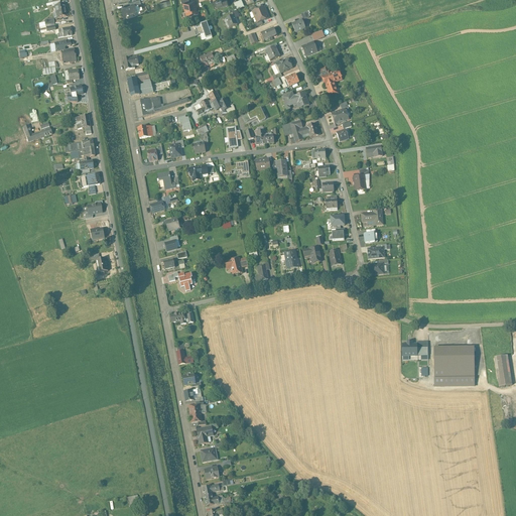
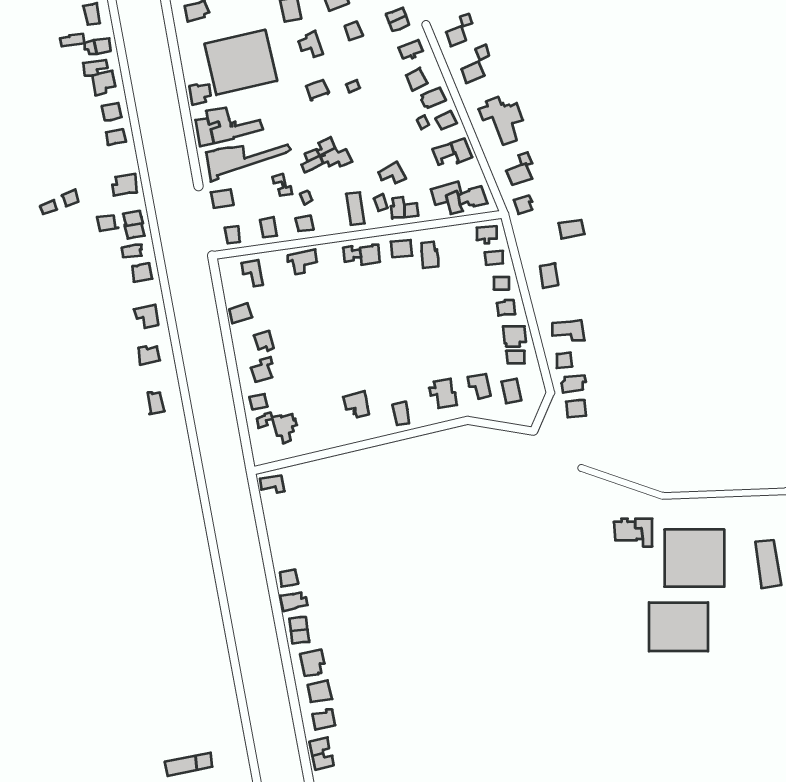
building: none -> [205,30,277,95]
building: none -> [649,602,708,651]

